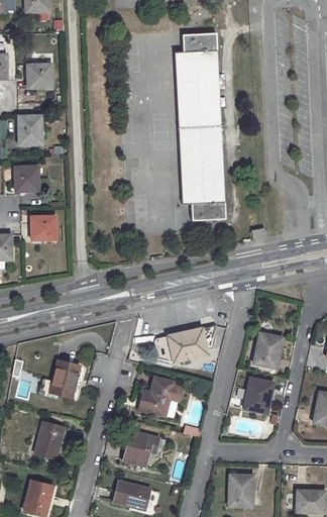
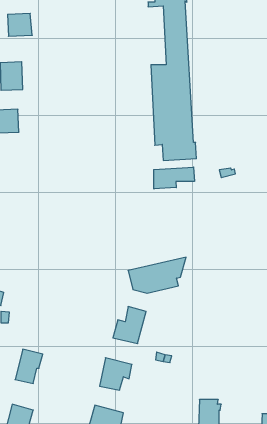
building: [176,56,195,118] -> none
building: [30,216,56,240] -> none
building: none -> [154,167,194,189]
building: [254,333,283,368] -> none
building: [49,359,80,397] -> none
building: [246,379,272,413] -> none

